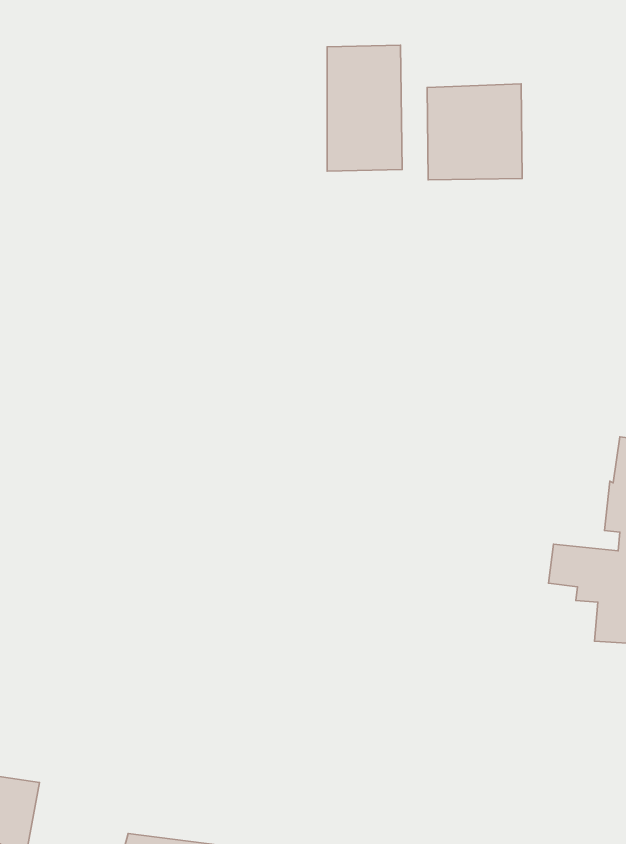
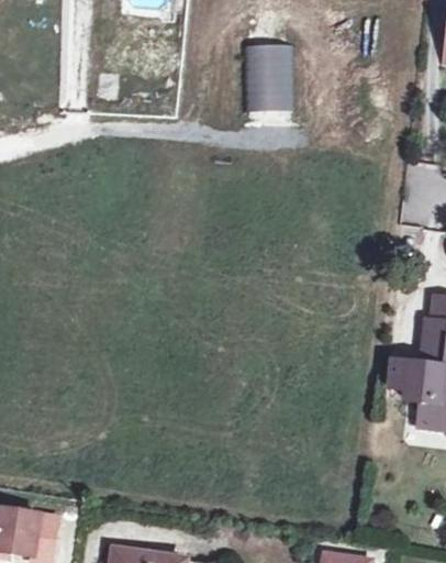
building: [427,84,522,180] -> none

